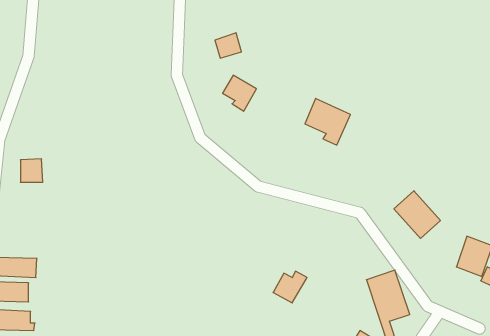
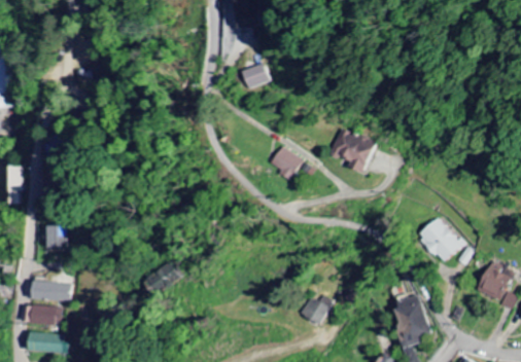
building: [223,75,256,111] -> [270,145,303,180]
building: [20,159,43,182] -> [46,224,68,247]
building: none -> [151,261,180,289]

